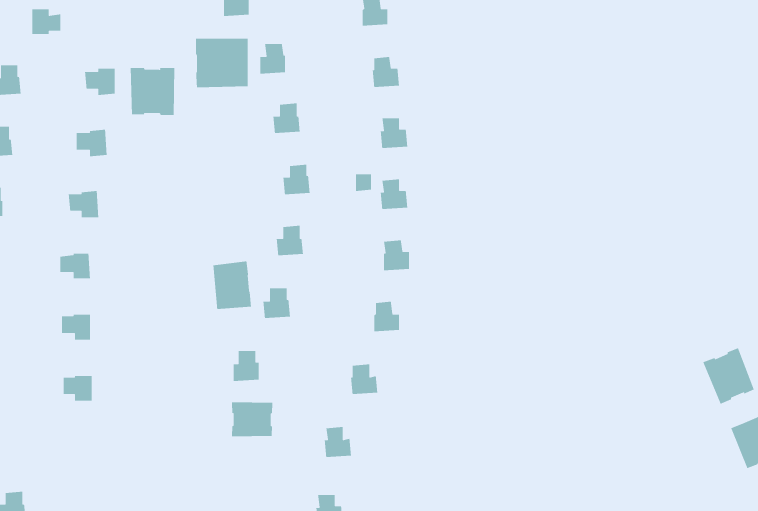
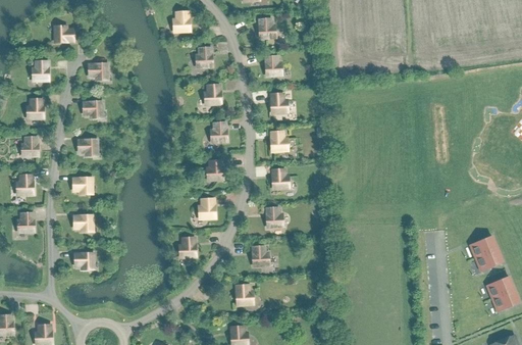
building: [195,38,249,88] -> none
building: [130,67,175,116] -> none
building: [212,260,252,310] -> none
building: [231,402,273,437] -> none

